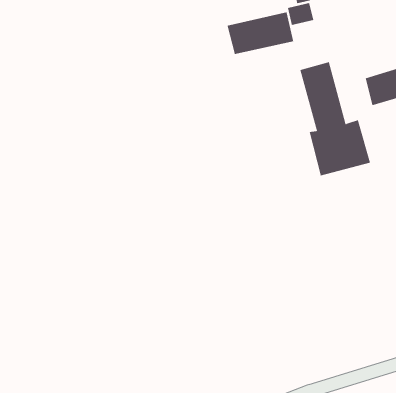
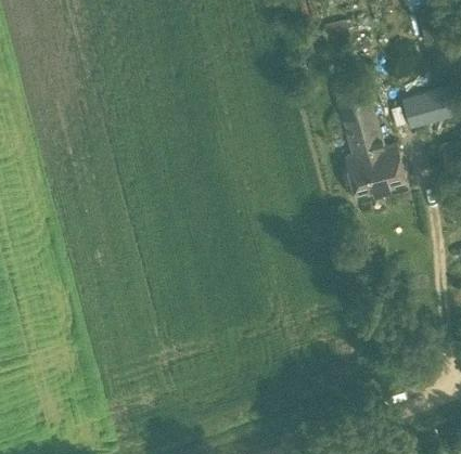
building: [227,11,294,55] -> none

